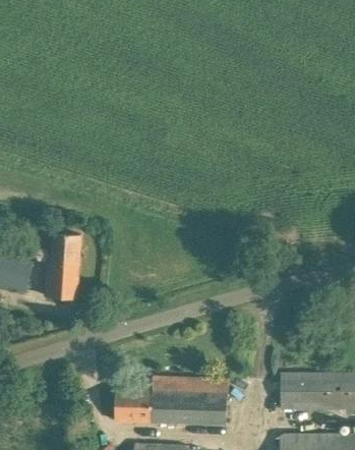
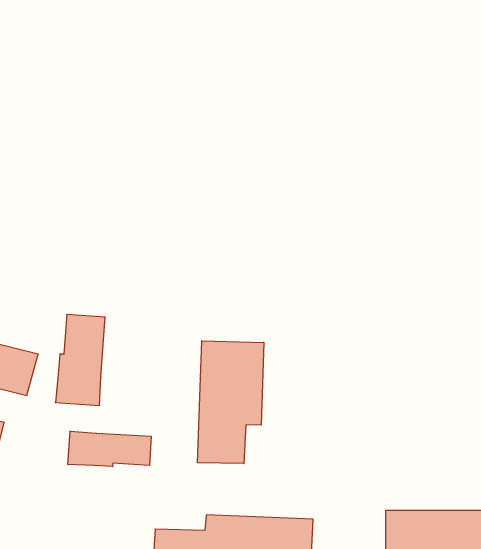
building: none -> [197,341,264,464]
building: none -> [68,431,151,467]

